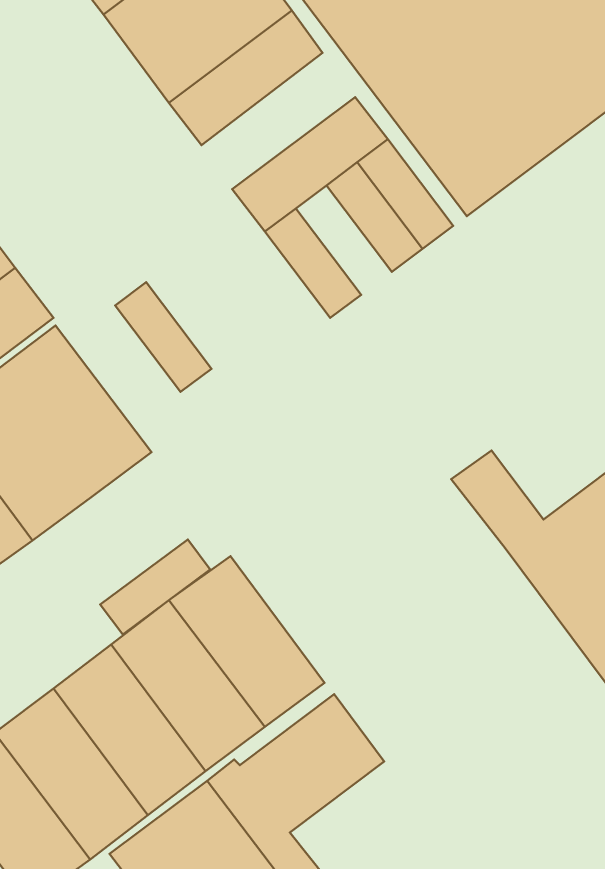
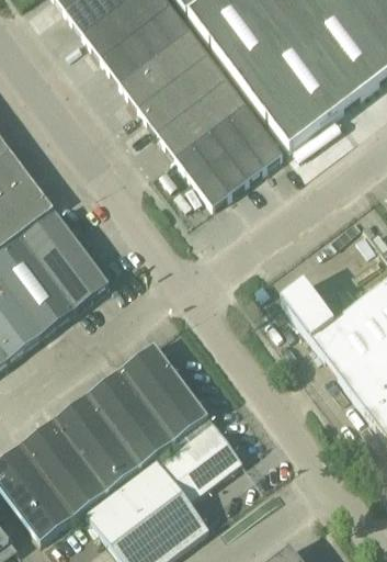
building: none -> [138,55,226,133]
building: [115,282,211,392] -> [192,131,247,193]
building: [100,539,210,634] -> none

